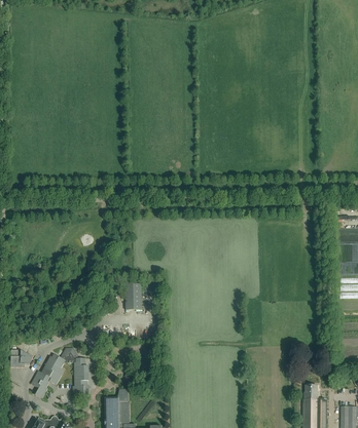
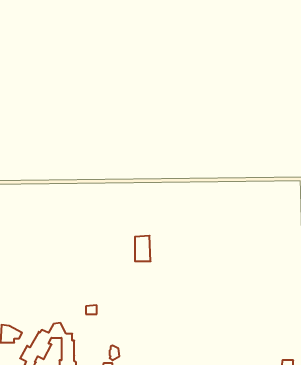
building: [126,283,142,310] -> [135,236,151,261]

